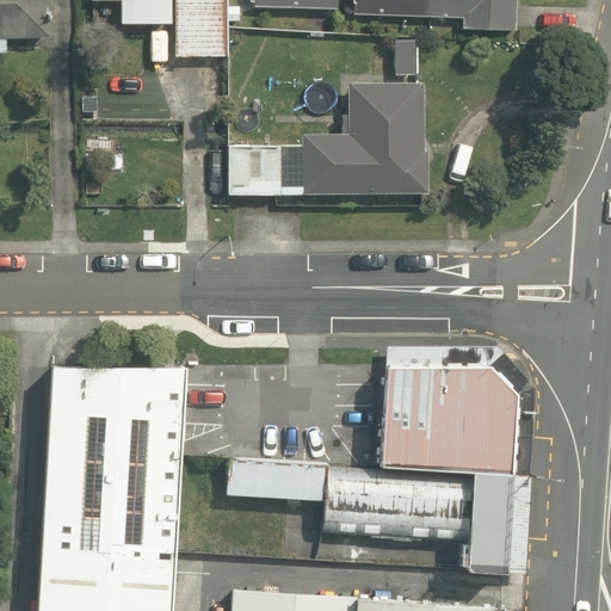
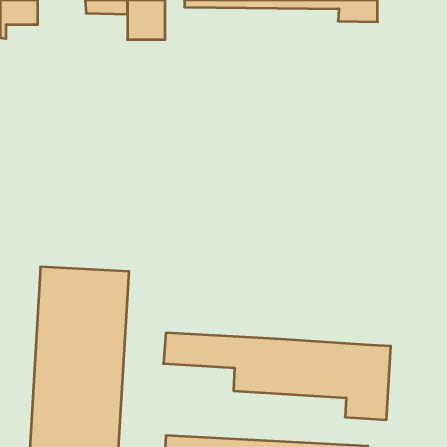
building: [226,79,428,193] -> none
building: [377,347,512,471] -> none

